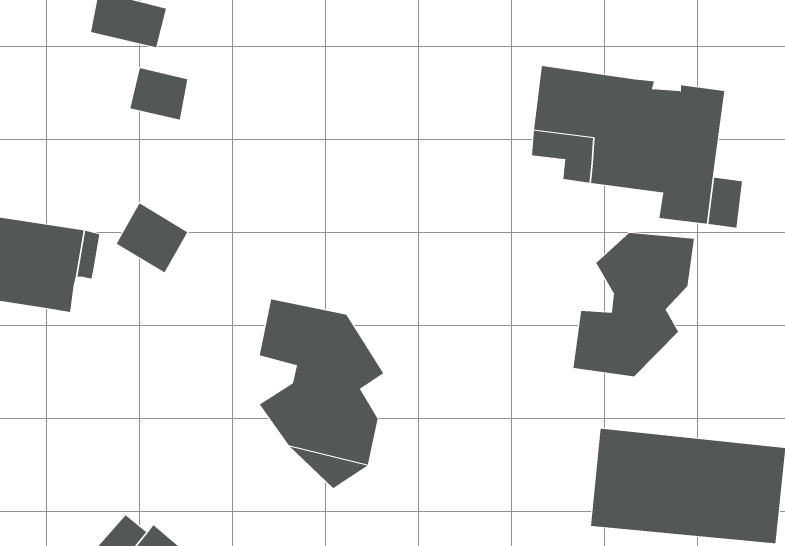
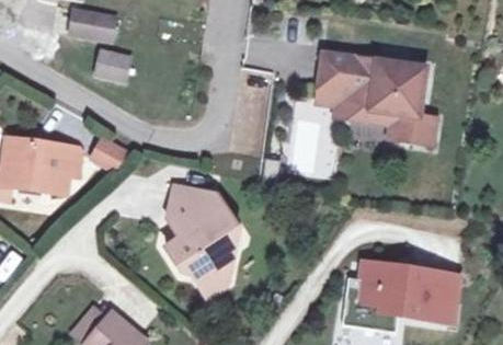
building: [573,232,695,377] -> none

